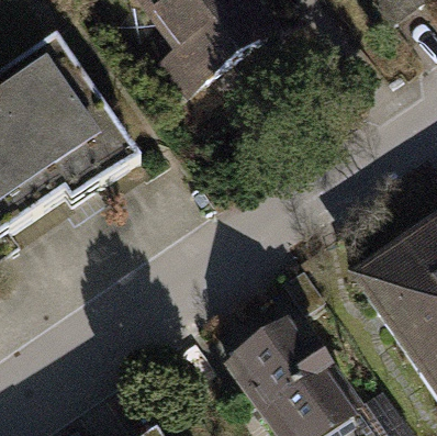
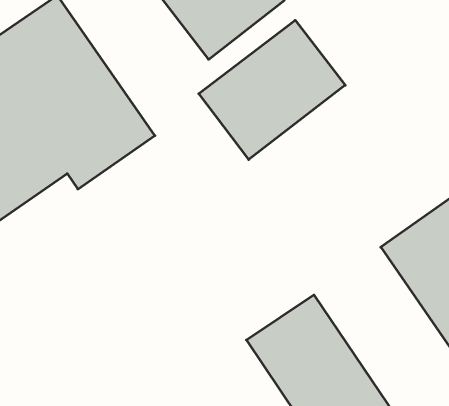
building: none -> [199,20,345,160]

